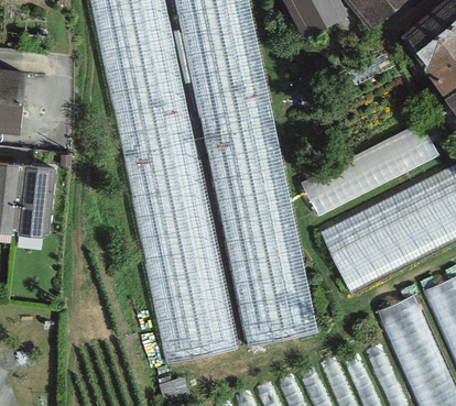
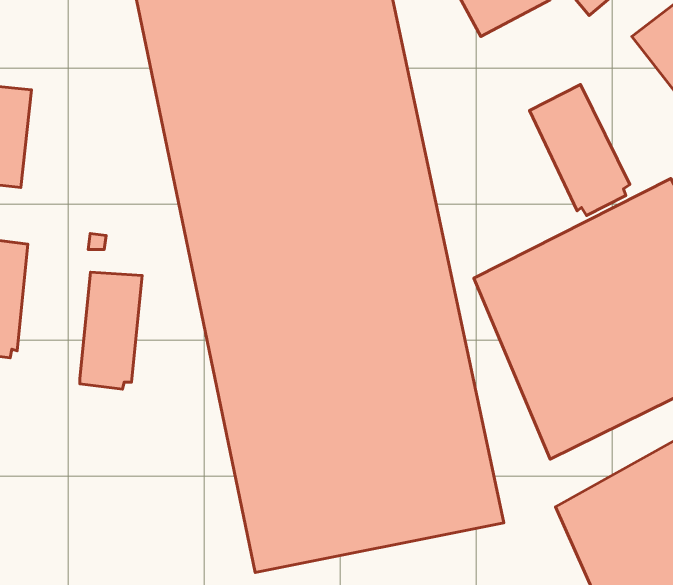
building: none -> [529,85,630,215]
building: [18,164,56,237] -> [80,272,142,389]

